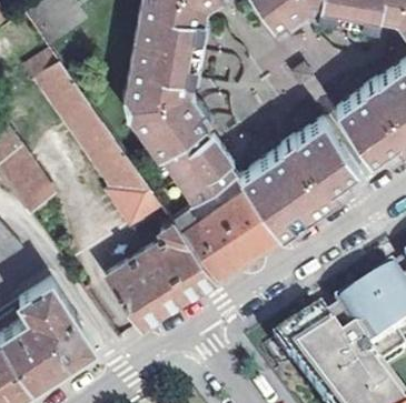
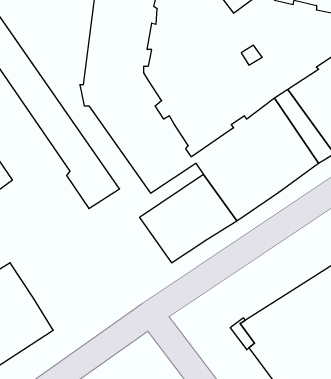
building: [108,220,214,323] -> none

